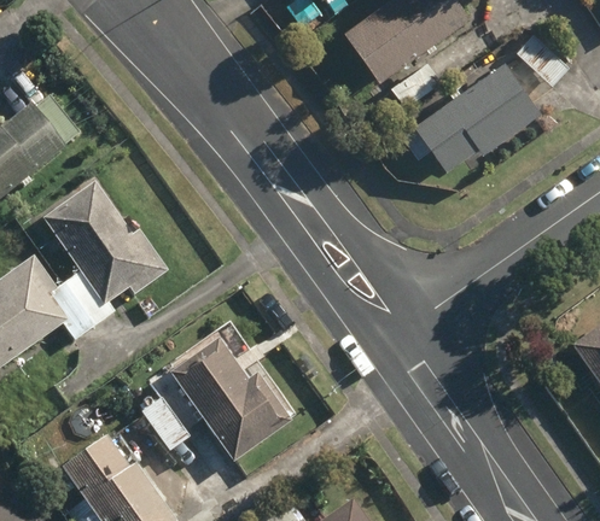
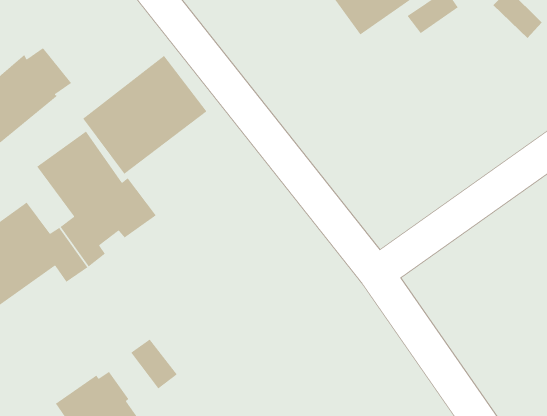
building: [414,63,540,171] -> none
building: none -> [82,55,208,175]
building: [169,336,291,459] -> none

